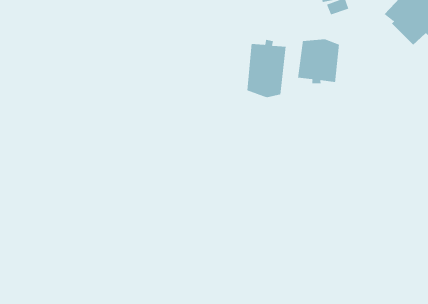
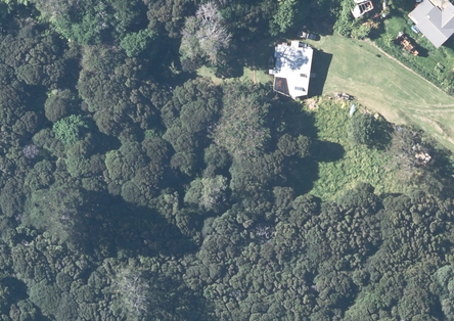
building: [297,39,340,84] -> none

